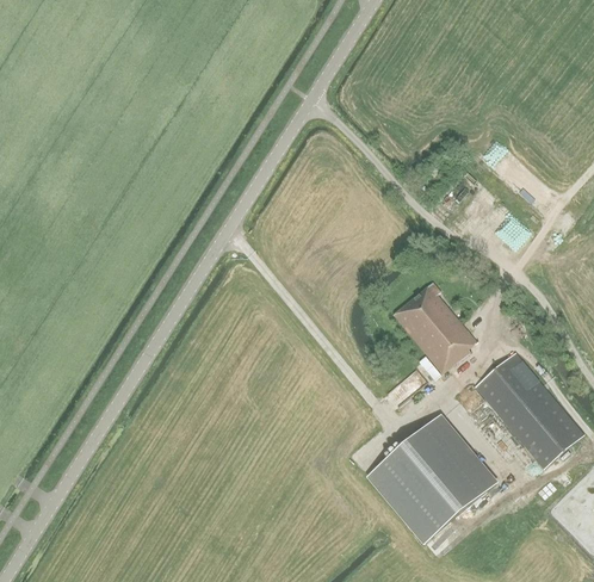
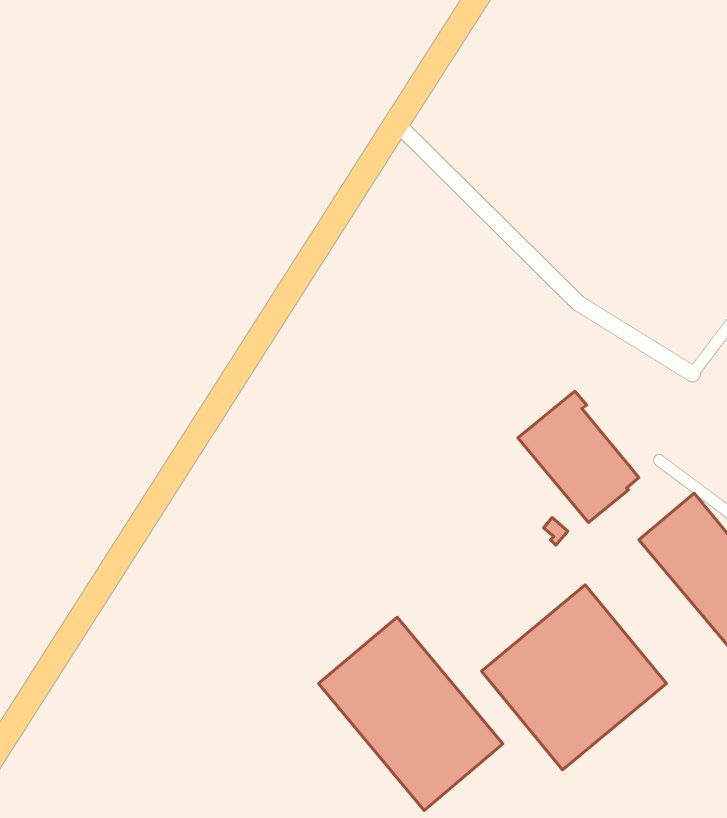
building: none -> [318,617,503,810]

